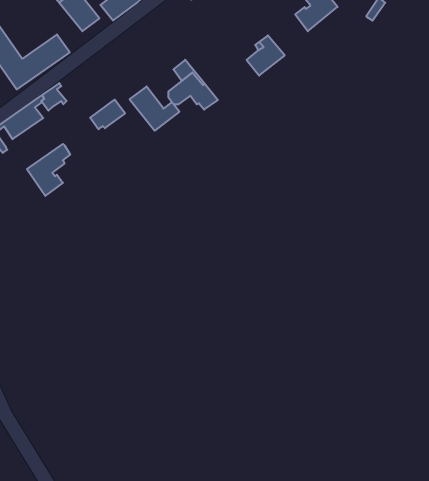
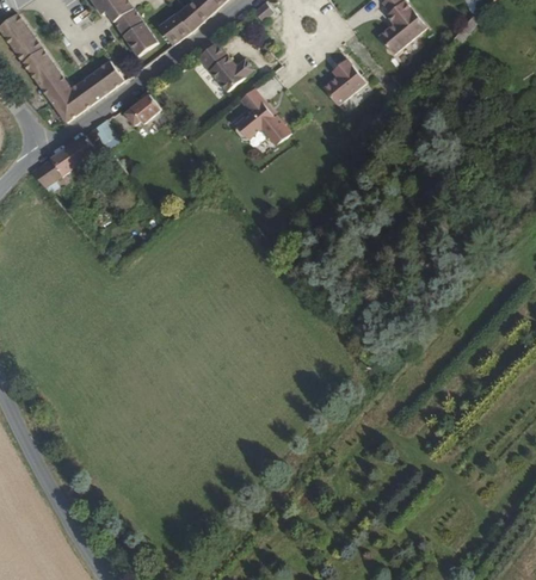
building: [130,86,179,131] -> [198,41,254,91]
building: [90,100,125,129] -> [123,93,162,127]
building: [27,144,70,196] -> none

